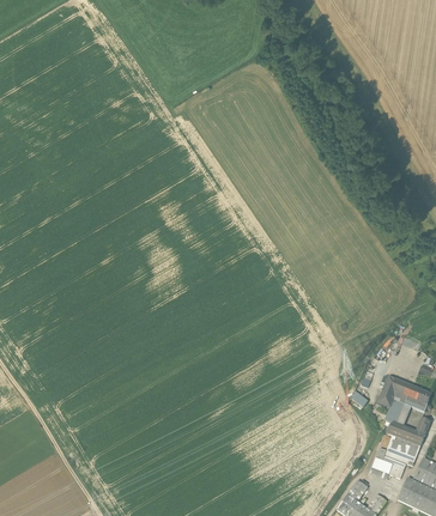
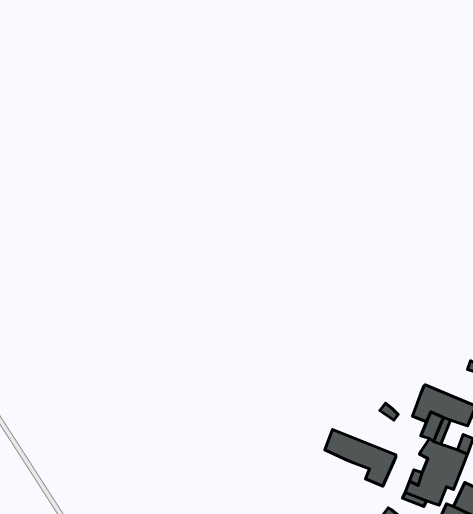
building: none -> [325,430,396,486]

